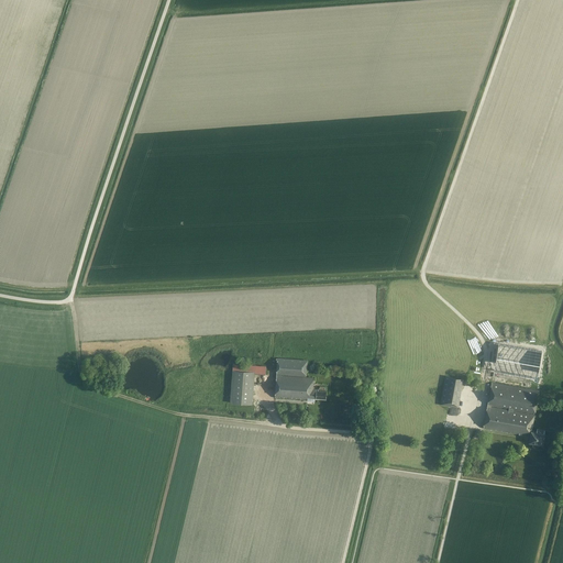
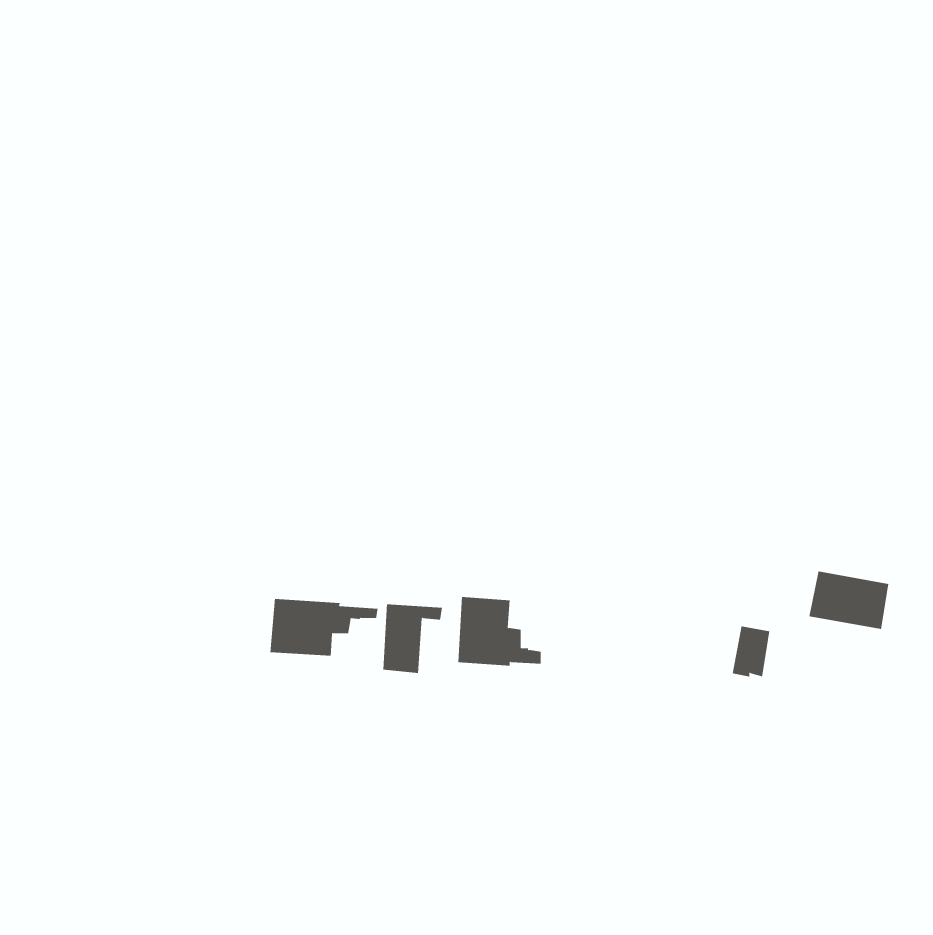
building: none -> [270,598,378,657]
building: [484,383,545,448] -> none

